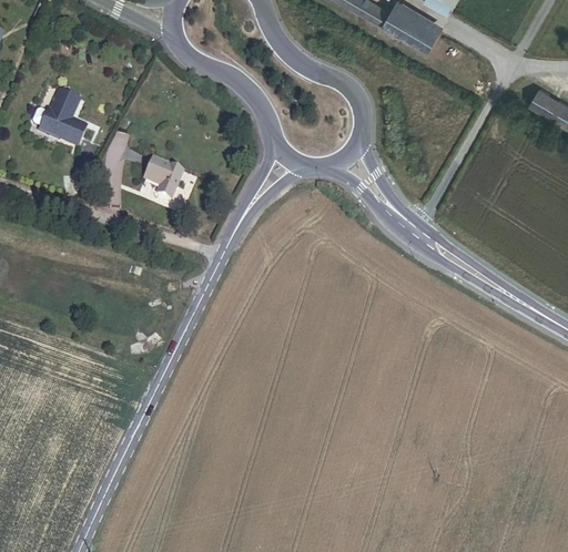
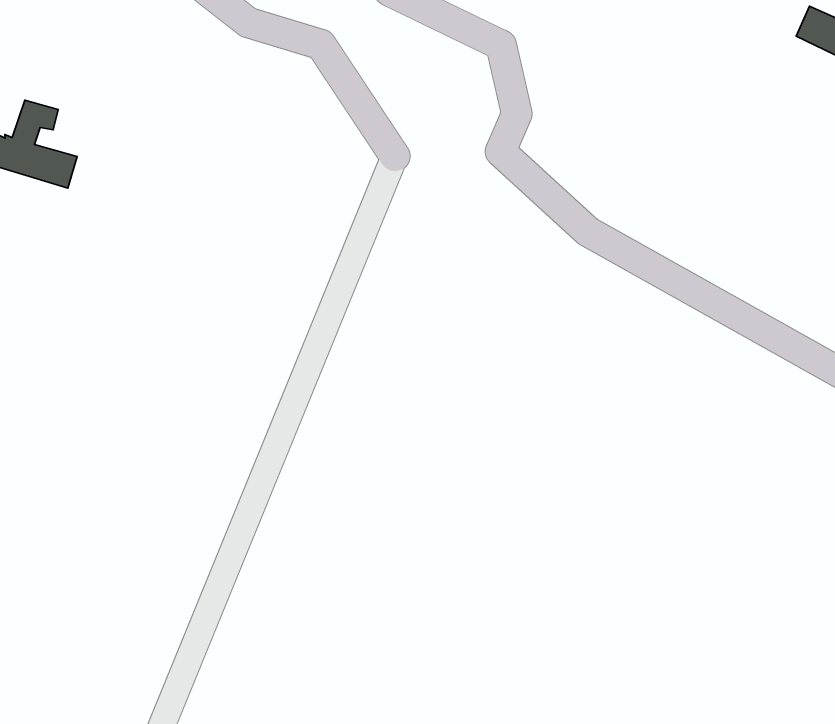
building: [138,154,179,196] -> none

